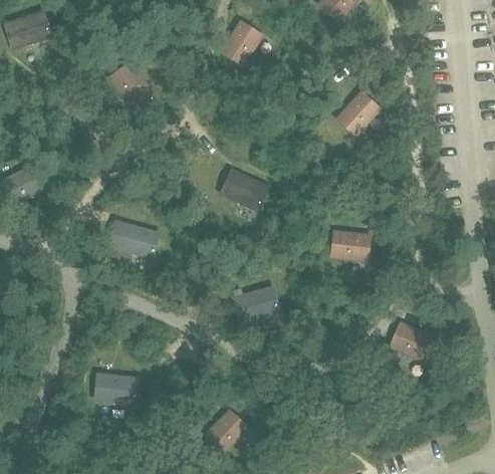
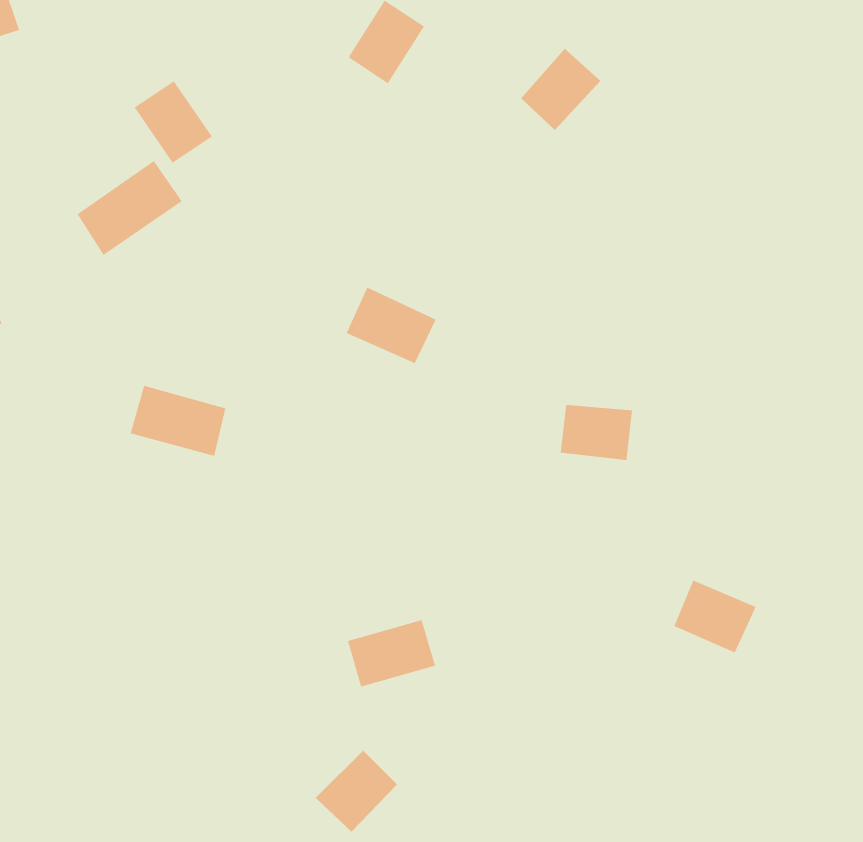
building: [337,91,380,135] -> [520,48,601,131]
building: none -> [77,160,183,256]
building: [232,287,278,322] -> [347,620,436,687]
building: [94,374,137,404] -> none

